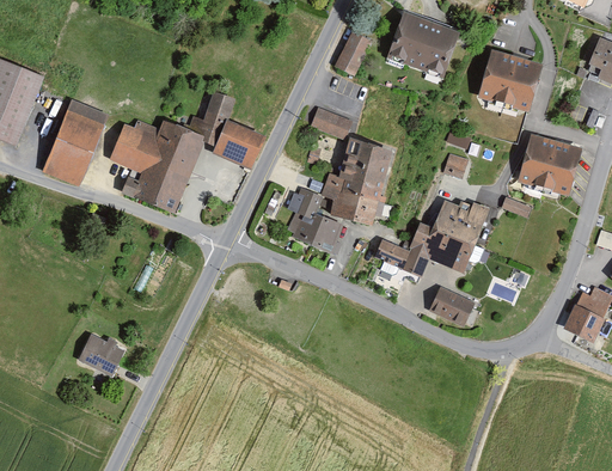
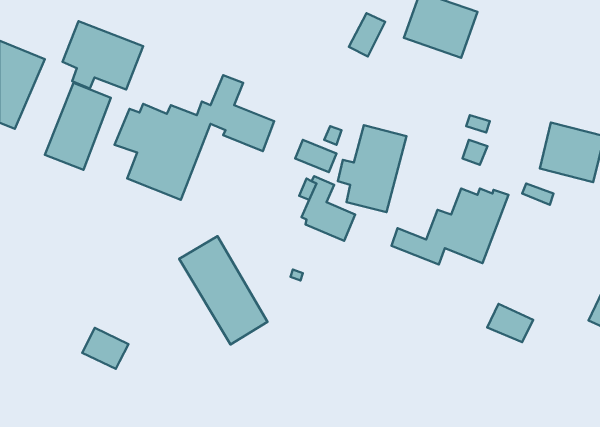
building: none -> [62,21,143,89]
building: [479,50,540,109] -> none
building: [311,108,350,139] -> [295,140,336,172]
building: none -> [179,236,268,344]
building: [429,287,473,324] -> [487,304,533,342]

